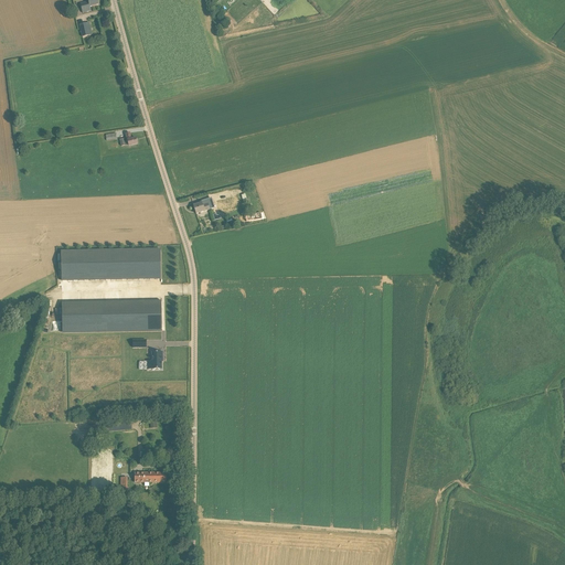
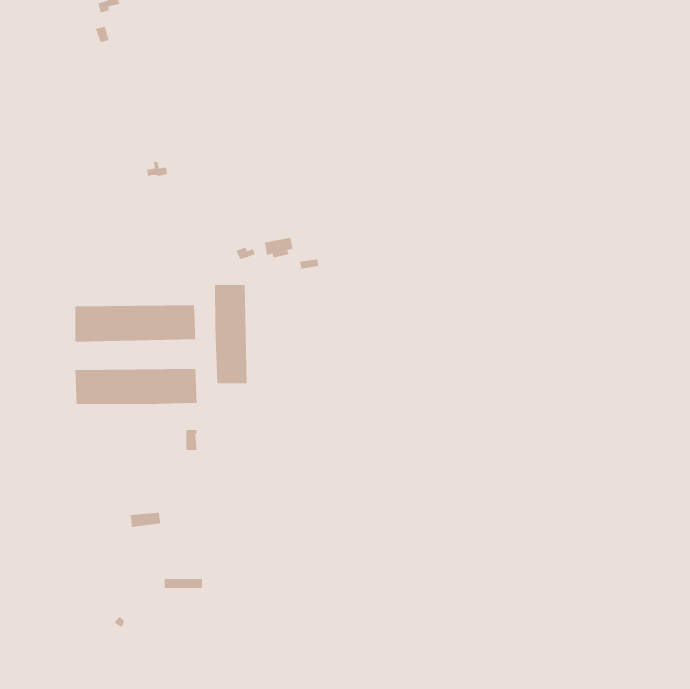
building: none -> [214,284,248,384]

